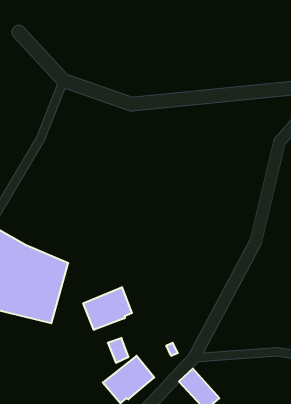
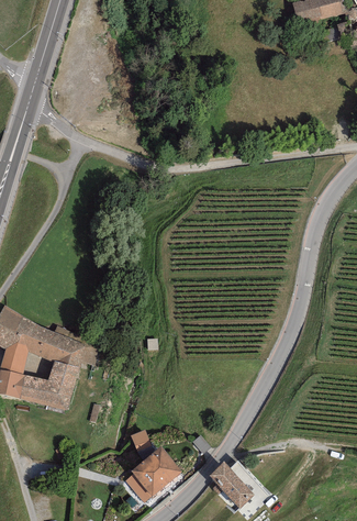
building: [83,287,132,330] -> none

